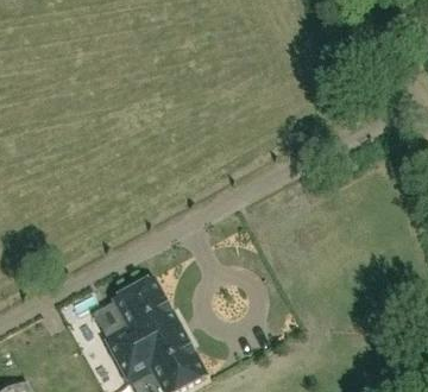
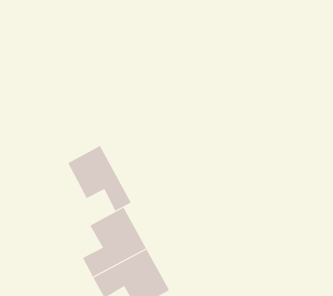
building: none -> [68,145,132,211]

